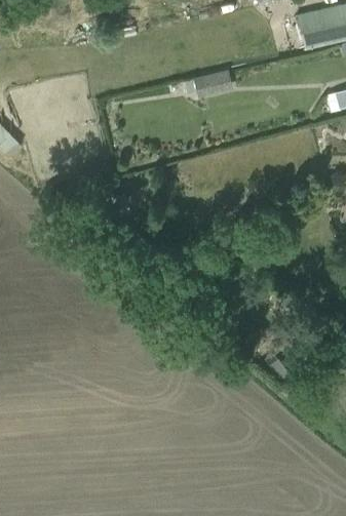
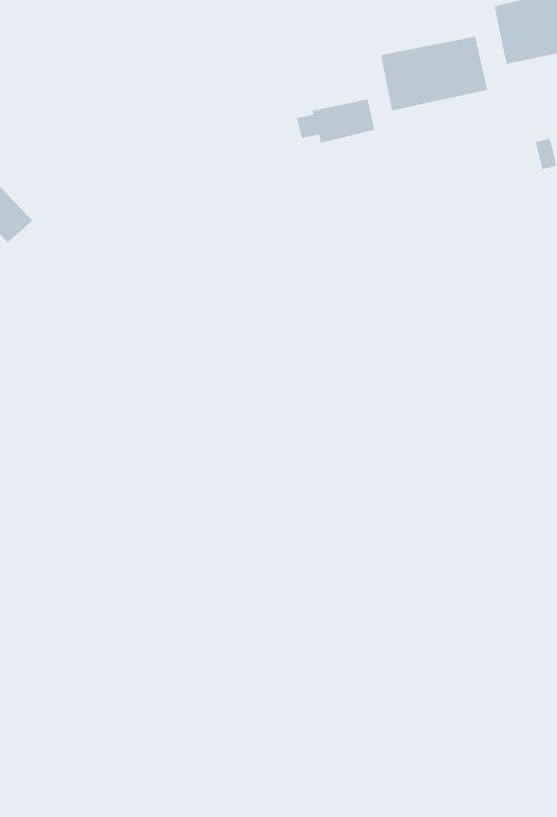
building: none -> [380,36,488,111]

